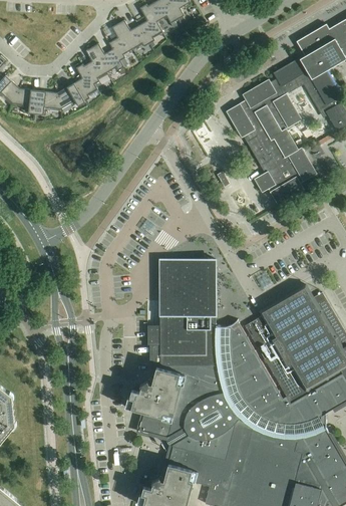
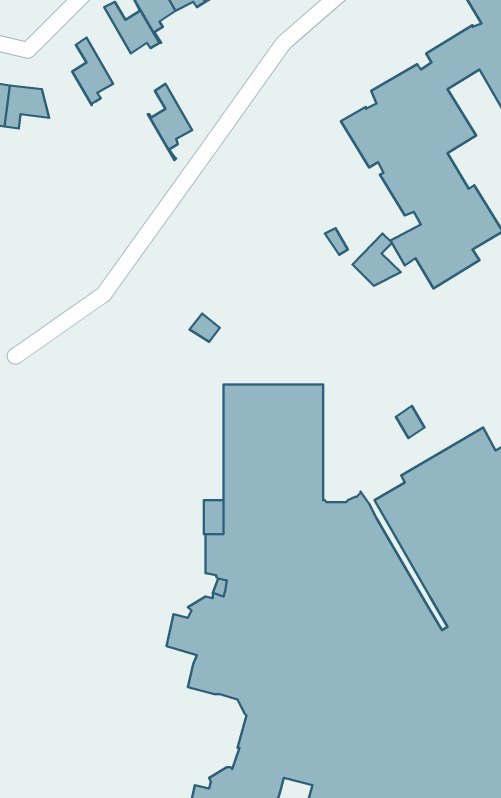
building: [82,47,107,90] -> [148,84,192,160]
building: [57,83,85,109] -> none
building: none -> [353,234,401,286]

